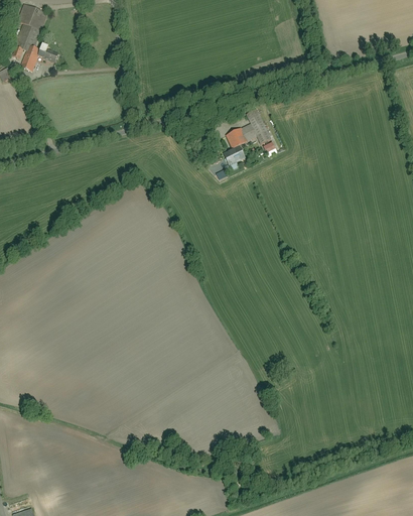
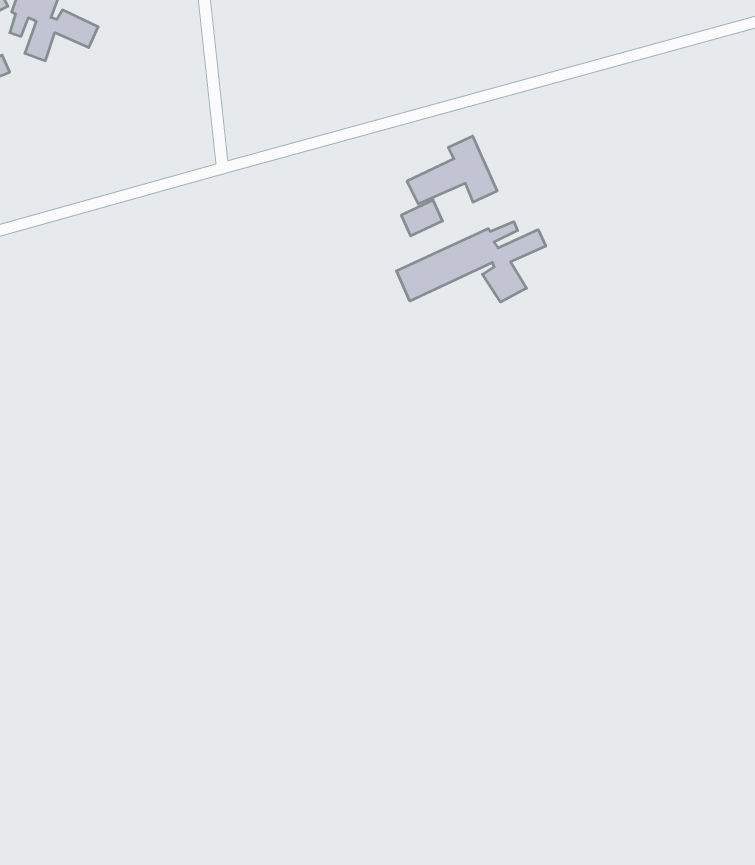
building: none -> [396,222,546,302]

